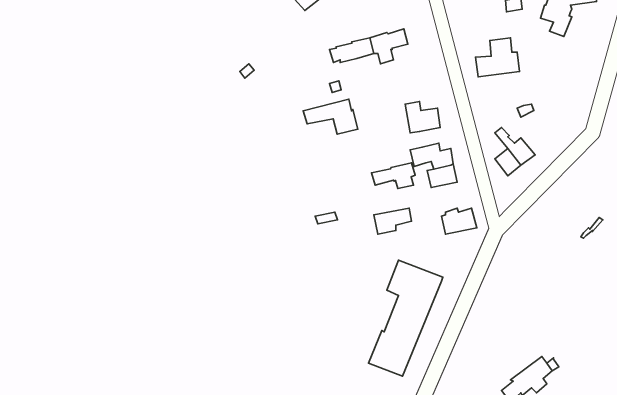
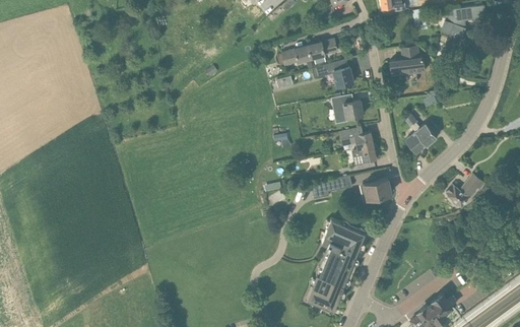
building: [303,99,358,134] -> [311,59,353,86]
building: [371,163,415,189] -> none
building: none -> [446,174,483,206]

